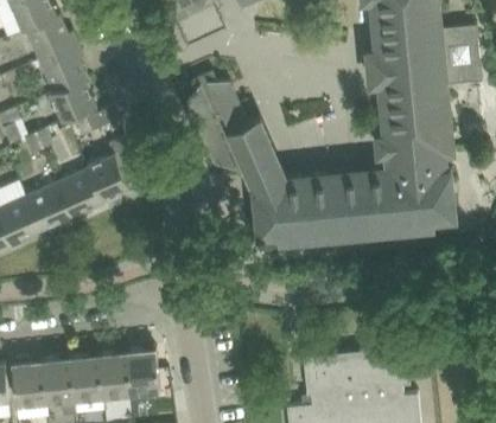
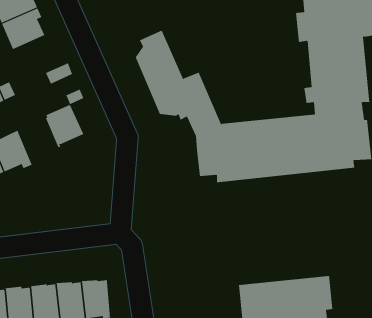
building: [49,77,95,122] -> none
building: [55,171,100,223] -> none

